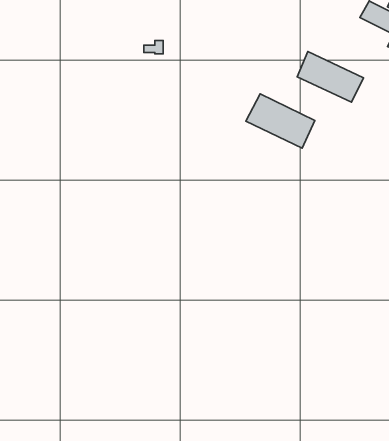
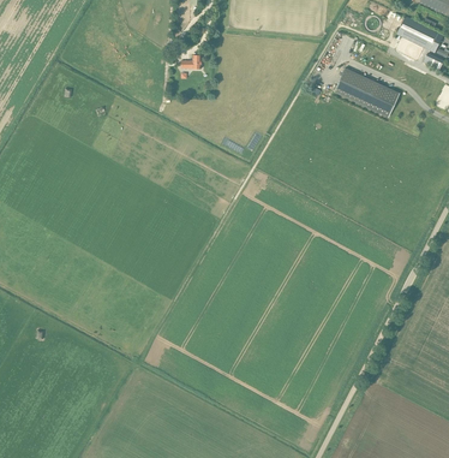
building: [246,94,315,148] -> none

